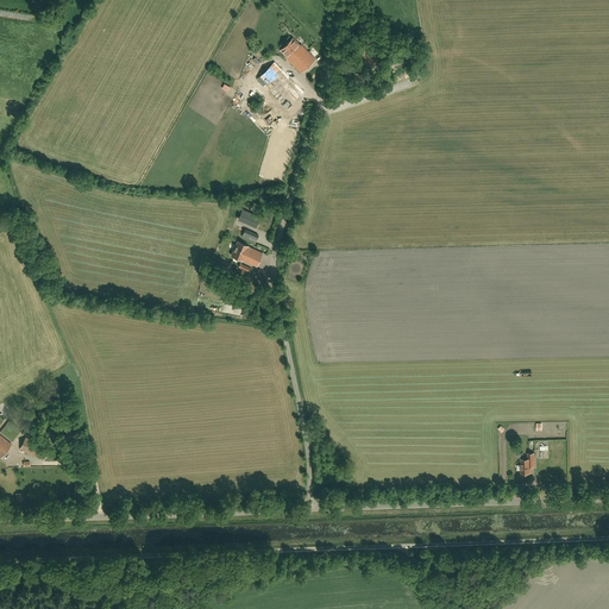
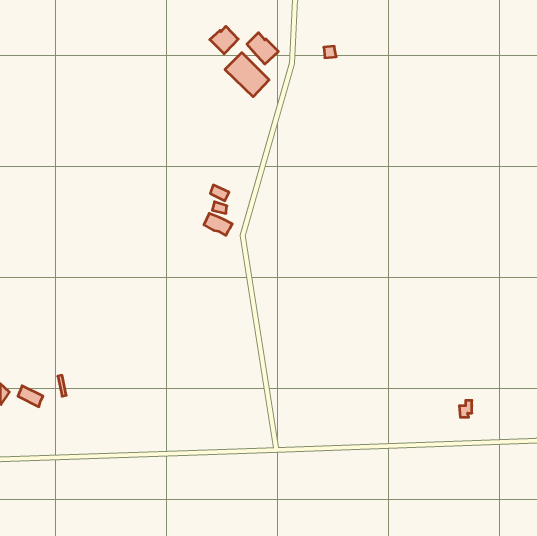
building: none -> [210,26,238,54]

